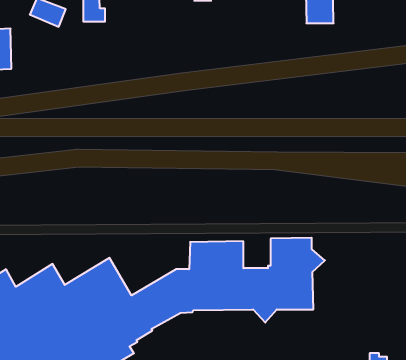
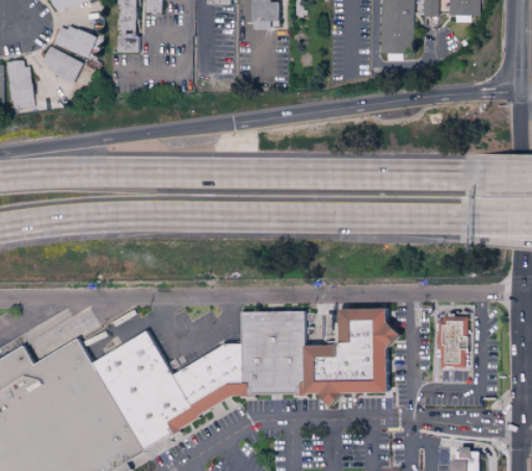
building: none -> [38,44,81,80]
building: none -> [437,315,468,366]

